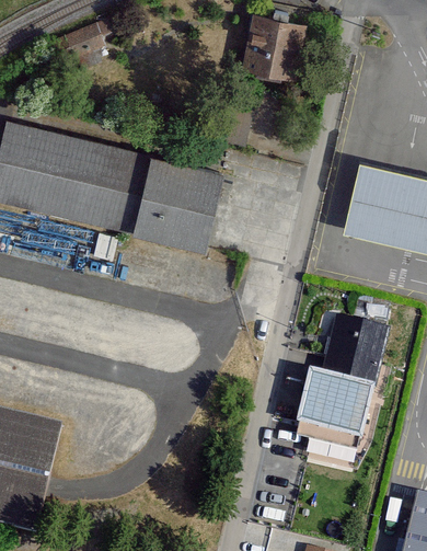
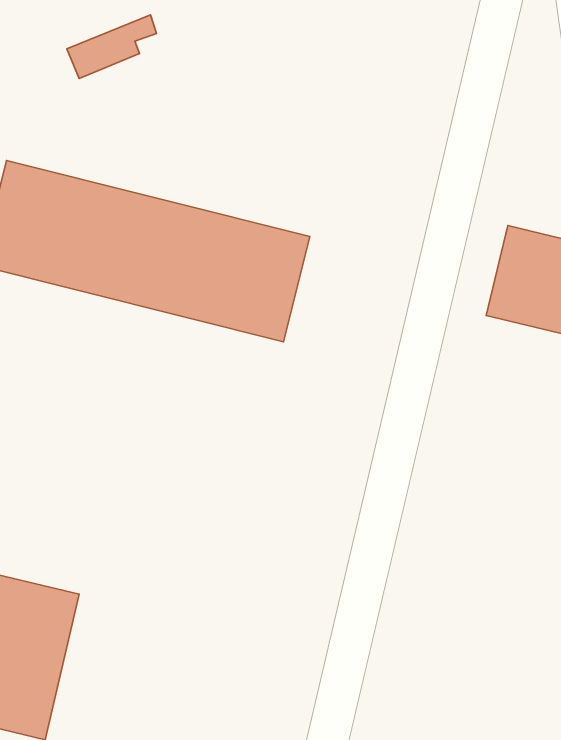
building: [242,14,304,77] -> none
building: [295,319,386,452] -> none

